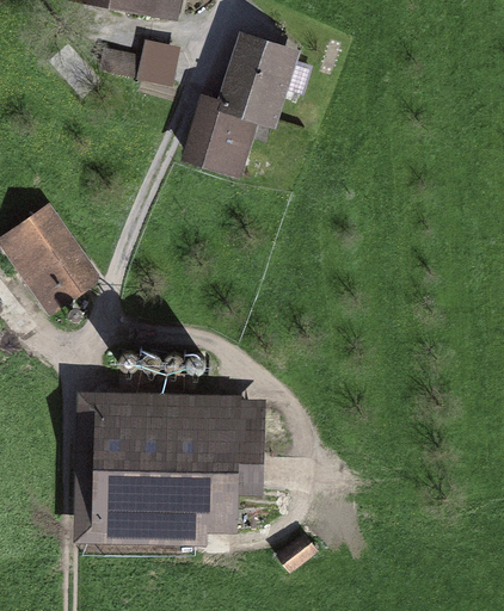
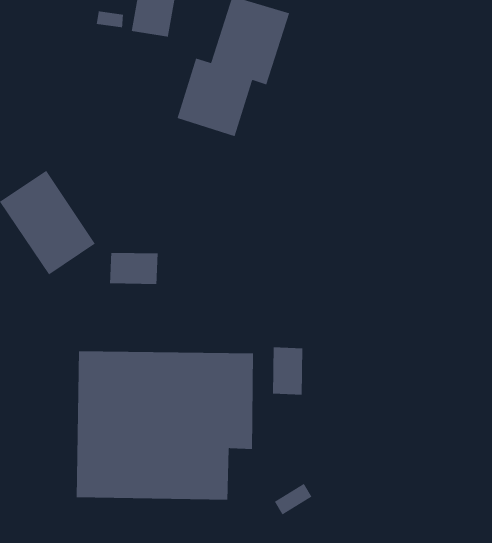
building: none -> [109,252,158,285]
building: none -> [272,347,303,396]

